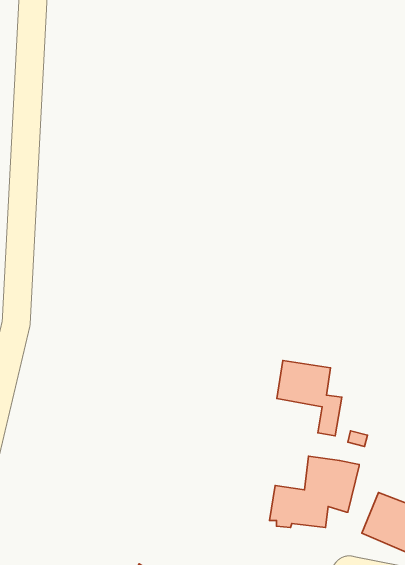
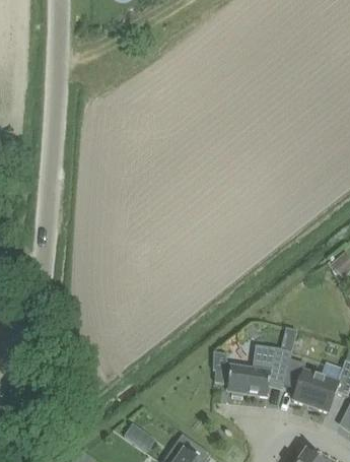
building: [277,361,342,436] -> none

